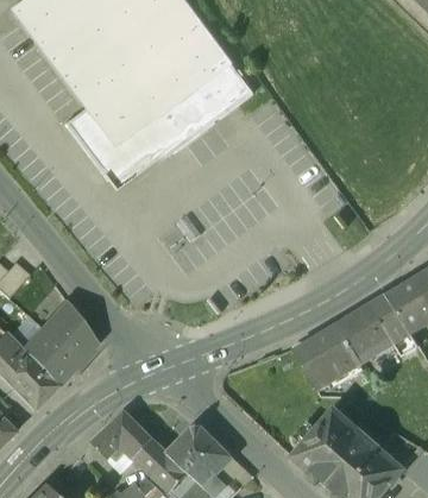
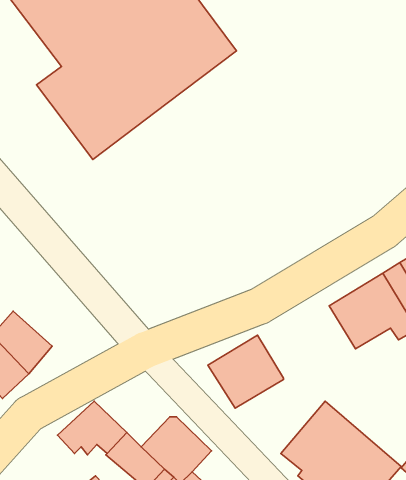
building: [46,302,100,360] -> none
building: [289,323,358,390] -> [208,335,284,408]

